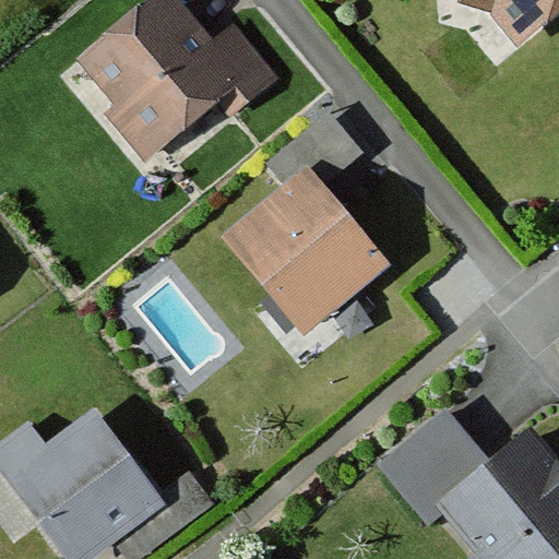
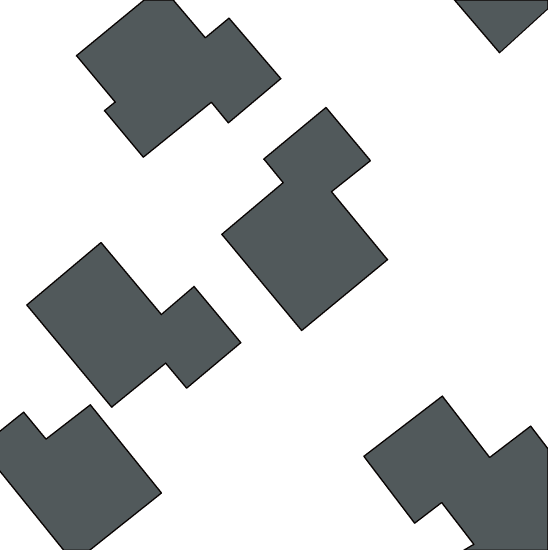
building: none -> [27,243,241,407]

